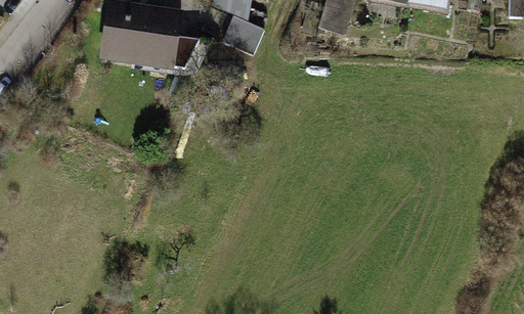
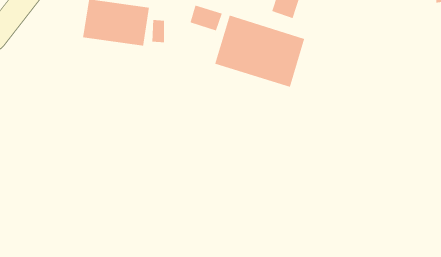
building: none -> [214,15,305,88]

